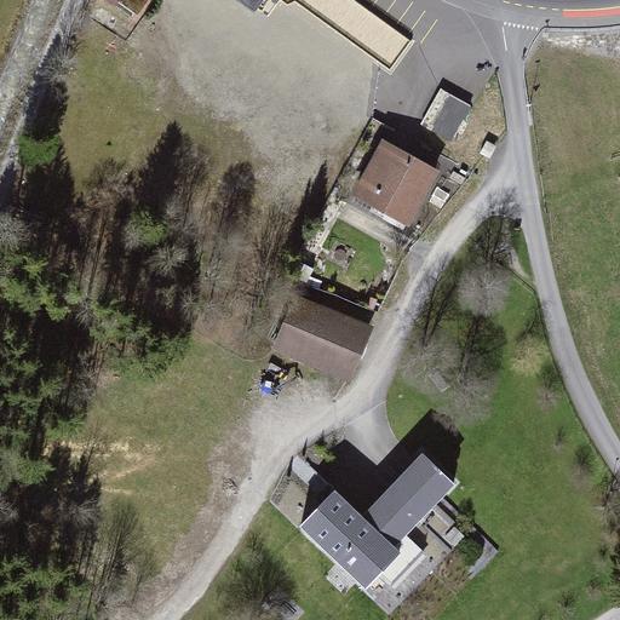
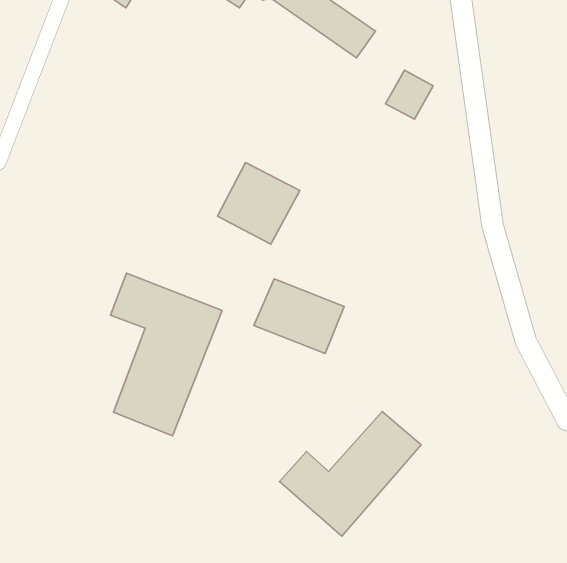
building: [350,139,440,228] -> [218,163,300,244]
building: none -> [111,273,222,436]

